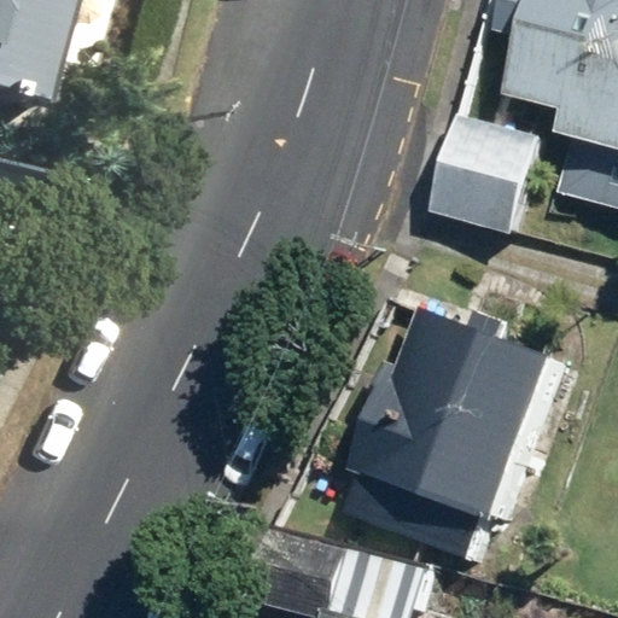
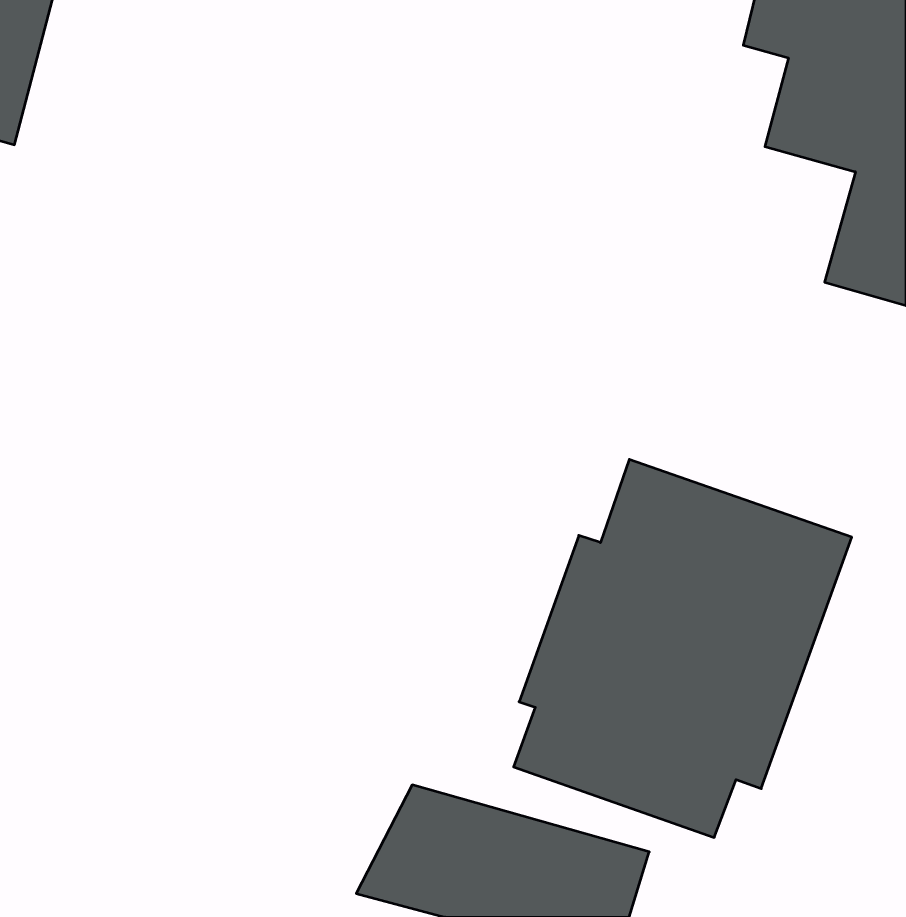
building: [427,113,546,237] -> none

